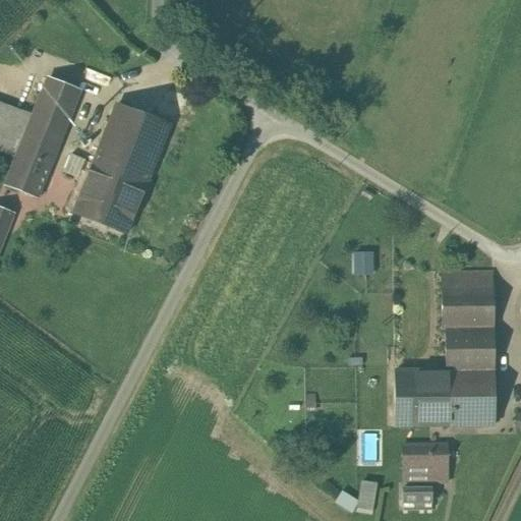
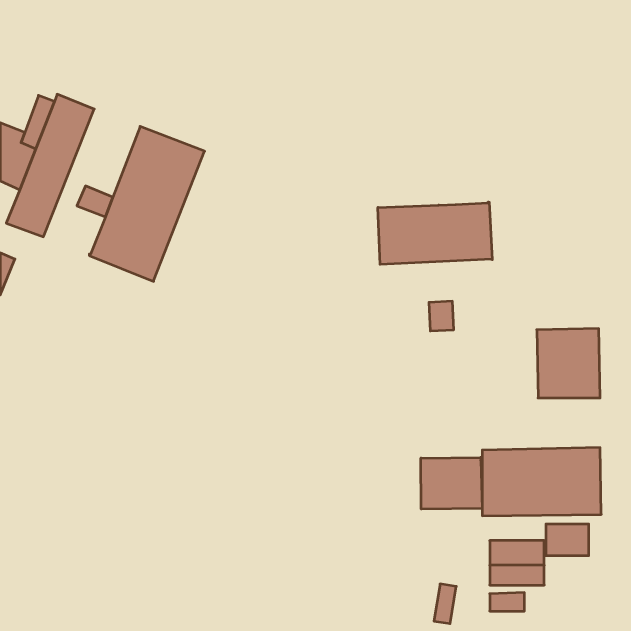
building: none -> [378,202,492,264]
building: [447,327,495,368] -> none
building: none -> [421,457,482,509]
building: none -> [546,524,589,556]

